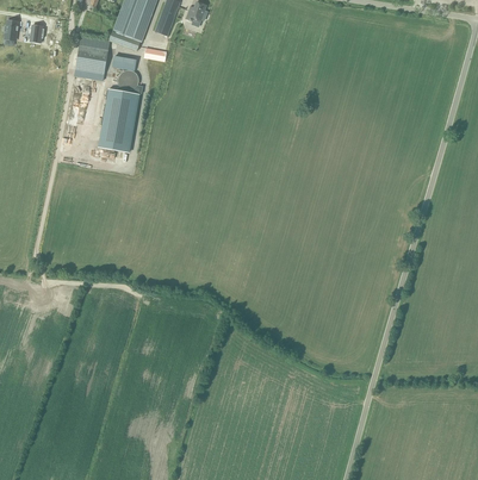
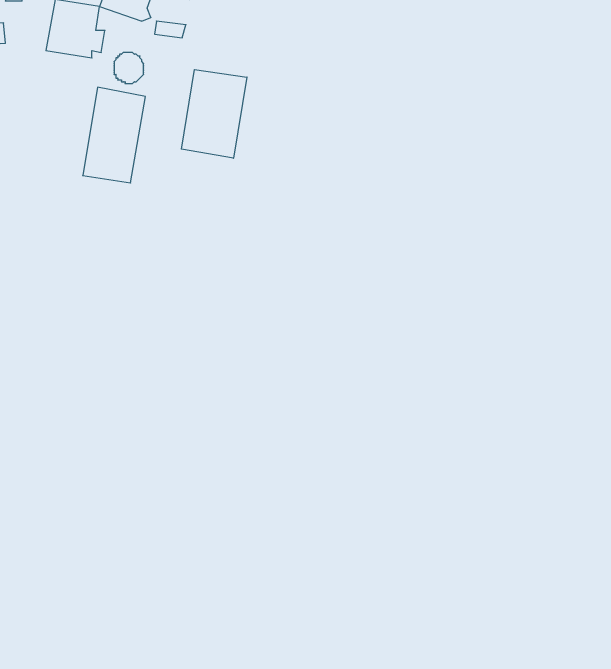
building: none -> [181,70,247,158]

